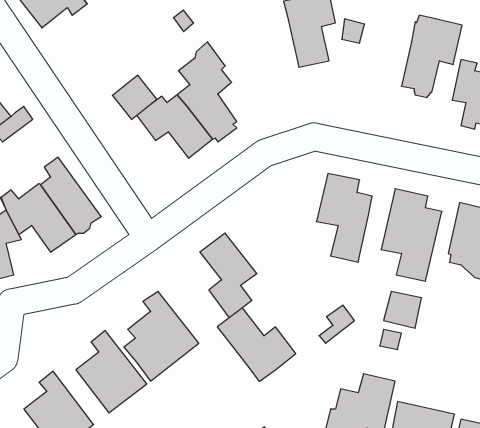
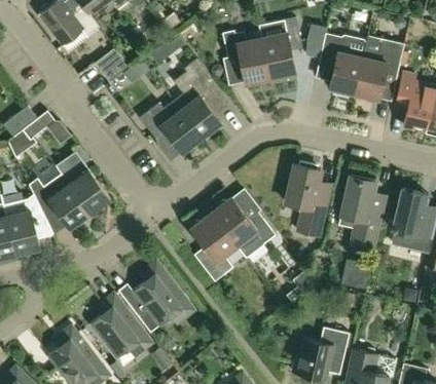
building: none -> [223,31,271,83]
building: none -> [324,34,366,97]
building: [112,75,157,119] -> [95,47,131,83]
building: [217,308,296,381] -> [212,197,276,257]

